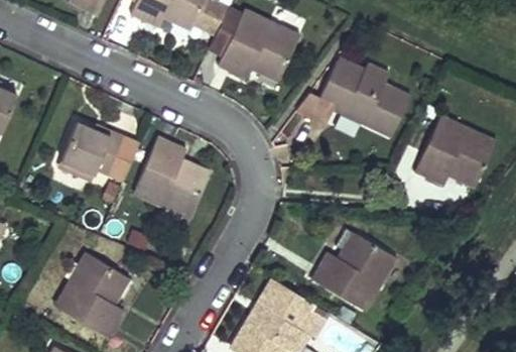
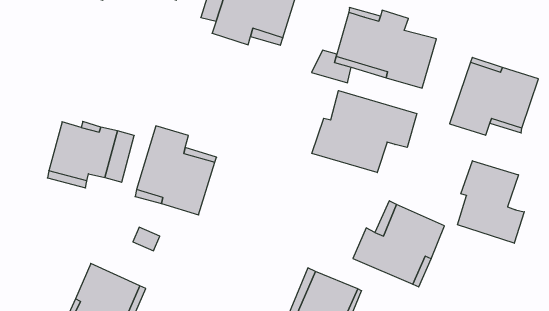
building: none -> [312,91,417,173]
building: none -> [458,161,524,243]

